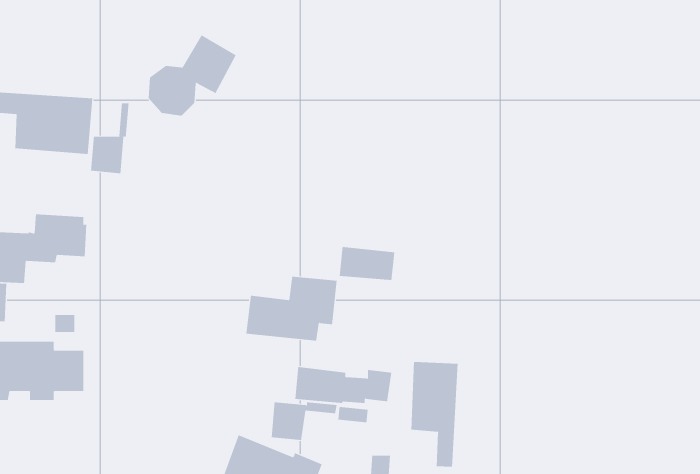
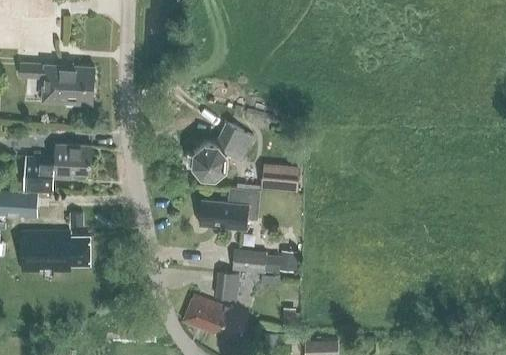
building: [148,35,237,116] -> [193,124,253,179]
building: [91,102,129,174] -> none
building: [411,361,458,468] -> none

